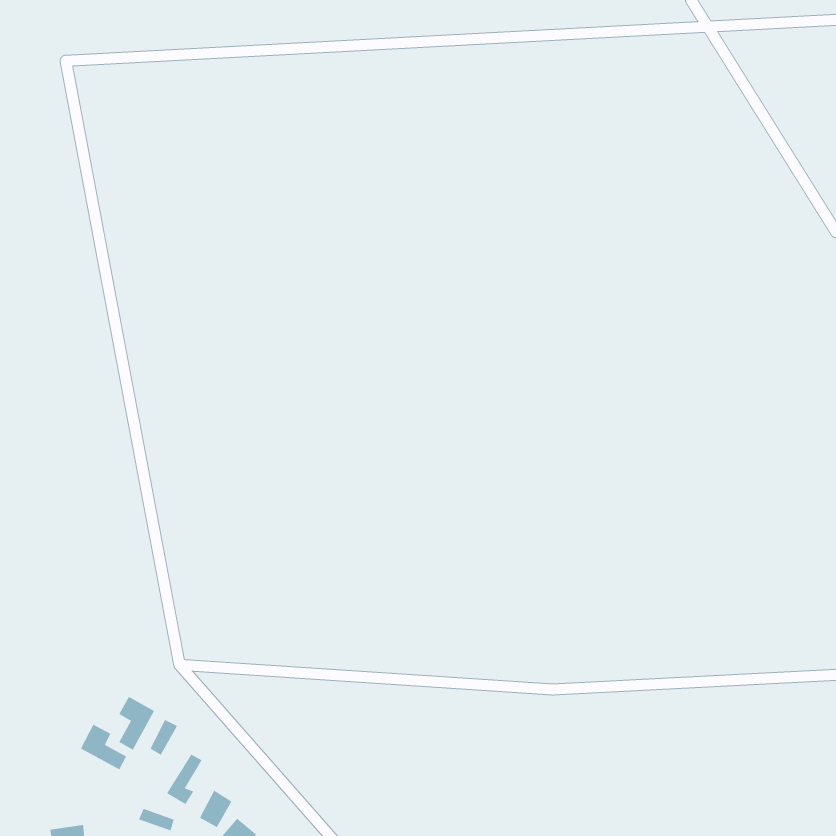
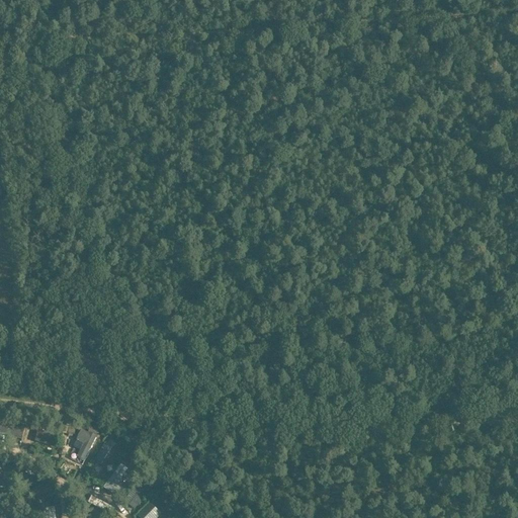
building: [80,724,127,770] -> none

